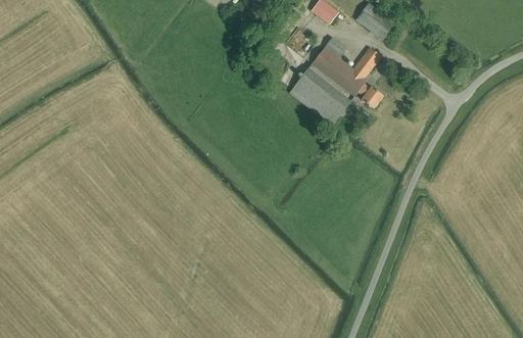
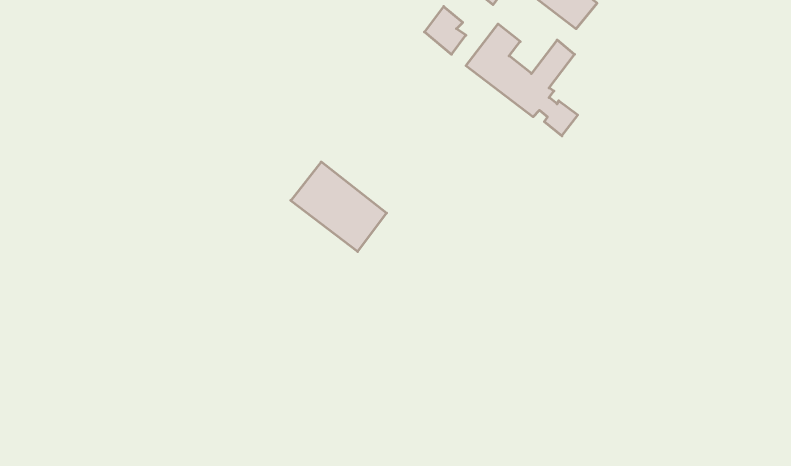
building: [289,68,350,126] -> [291,162,387,252]

